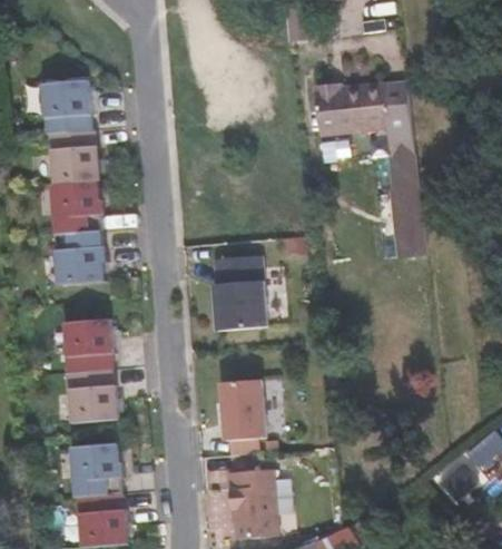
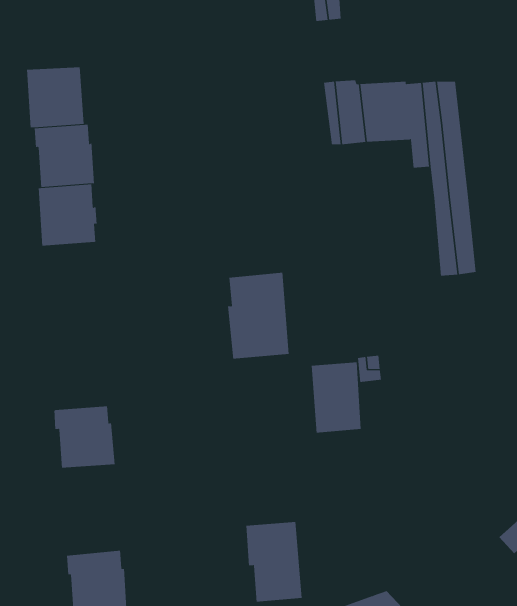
building: [52,228,105,282] -> none
building: [63,317,111,372] -> none
building: [220,378,264,439] -> [311,362,361,433]
building: [69,442,122,497] -> none

